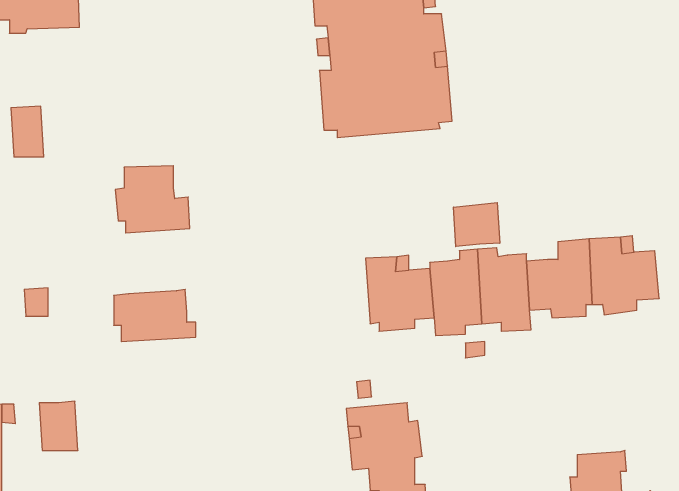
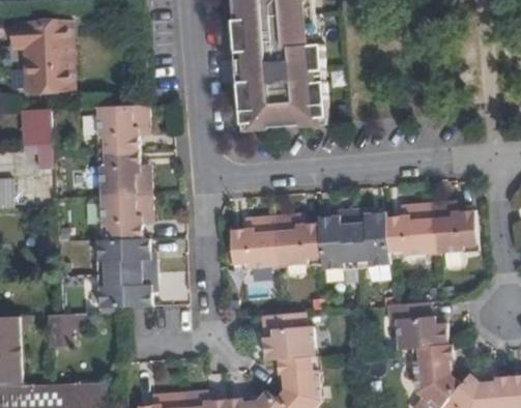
building: none -> [24,54,74,91]
building: none -> [96,105,146,151]
building: [454,203,500,247] -> none
building: none -> [99,194,150,239]
building: none -> [229,214,274,268]
building: none -> [97,269,154,312]
building: none -> [388,308,448,351]

